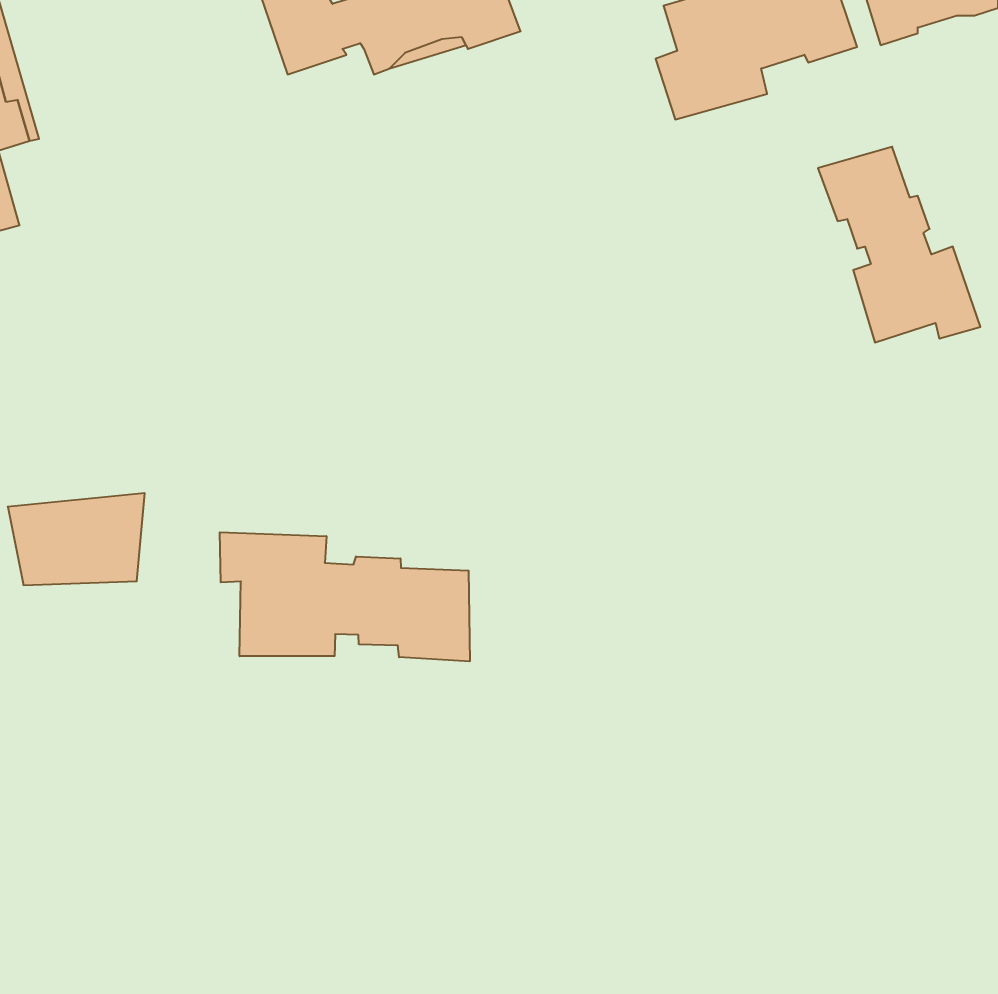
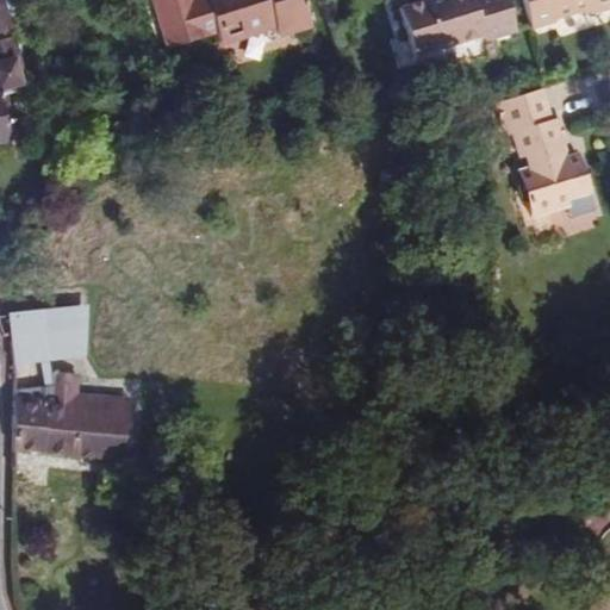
building: [220,532,470,661] -> none
building: none -> [12,356,129,466]

